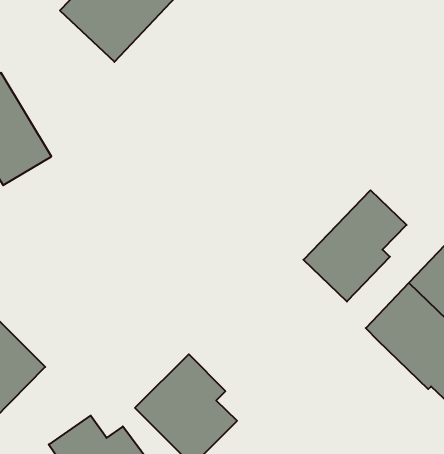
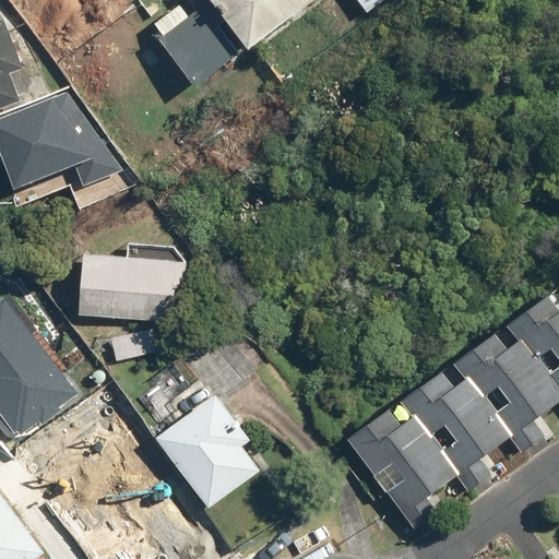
building: [303,190,407,302] -> none
building: none -> [79,253,183,323]
building: none -> [348,409,453,511]

